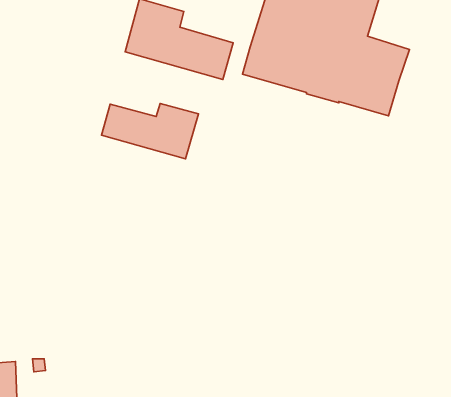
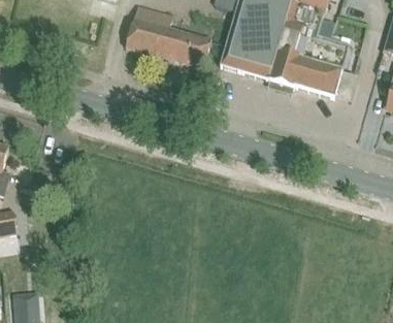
building: [102,104,199,159] -> none

